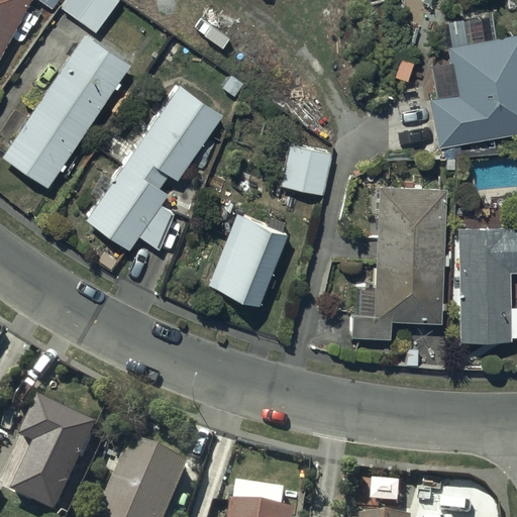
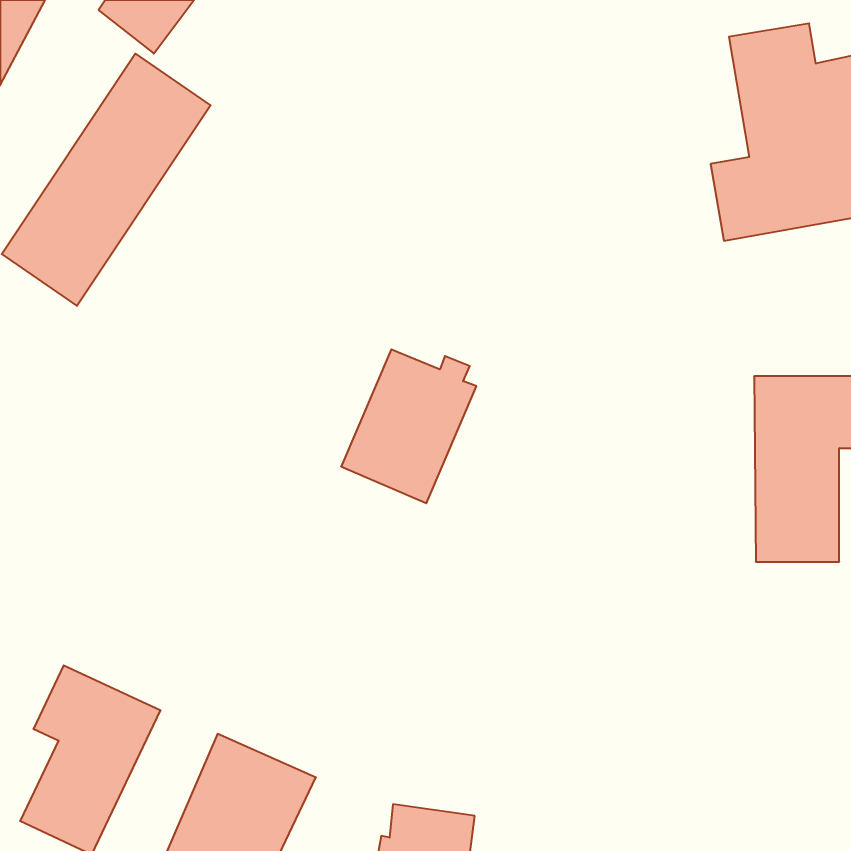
building: [87,86,222,250] -> none
building: [282,142,333,196] -> none
building: [350,186,445,339] -> none

